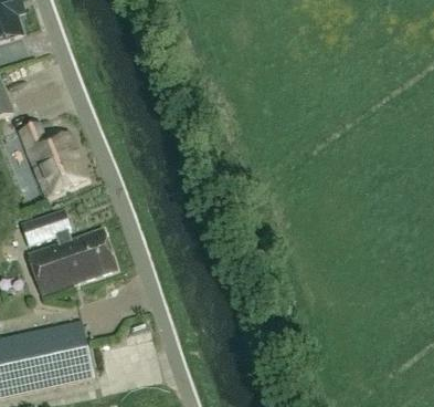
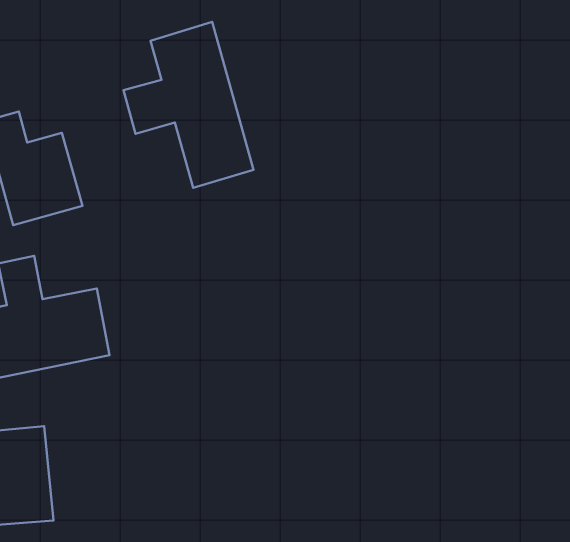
building: none -> [124,22,254,188]

